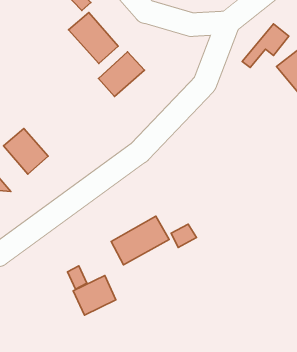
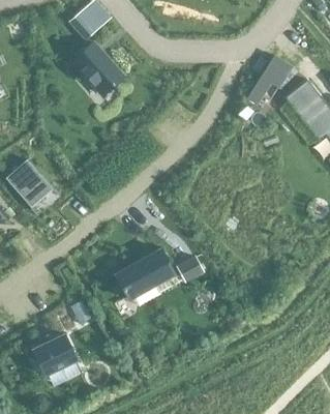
building: [98,52,144,96] -> none
building: [73,276,116,315] -> [33,334,77,375]

